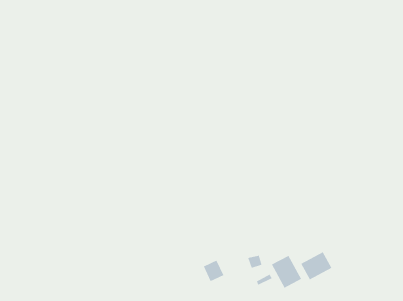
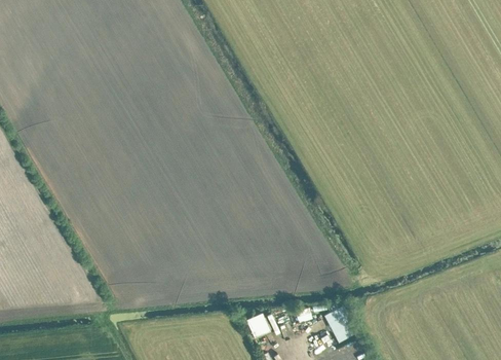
building: [300,251,333,281] -> none

